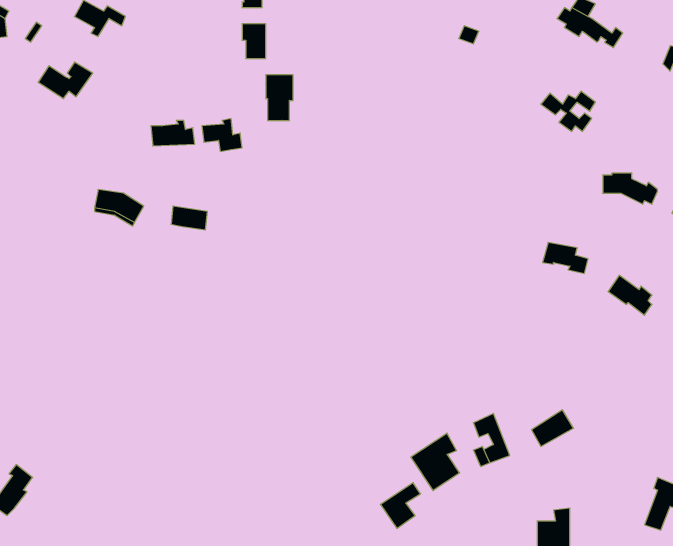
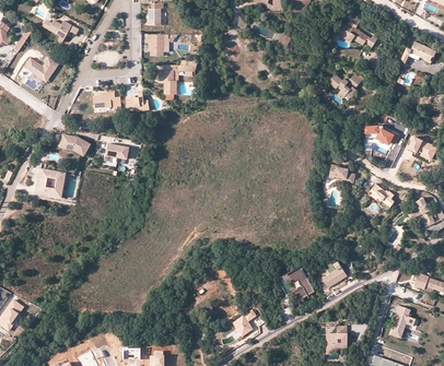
building: none -> [35,168,65,198]
building: [411,433,460,491] -> none

